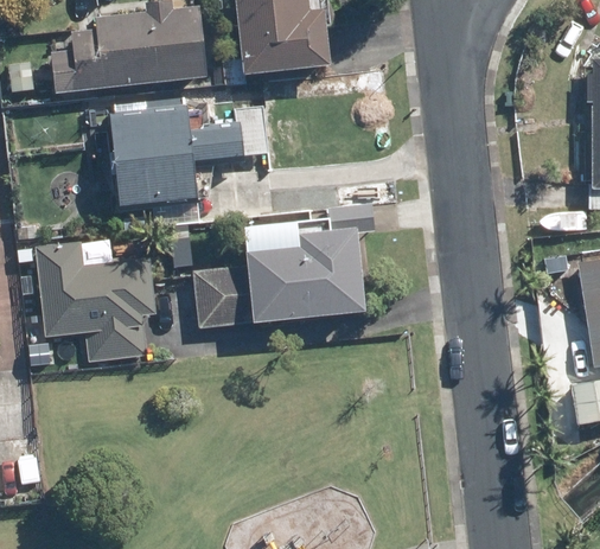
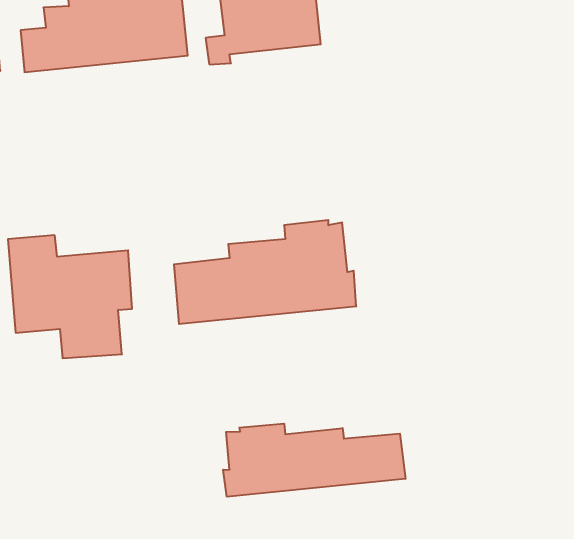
building: [88,100,268,229] -> none
building: none -> [223,424,405,497]

